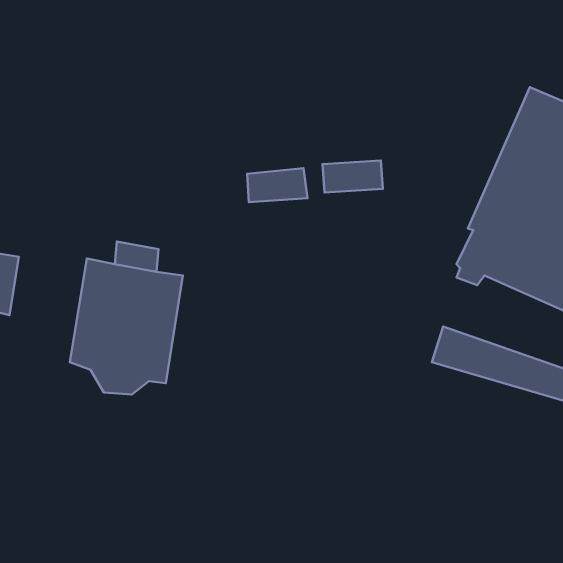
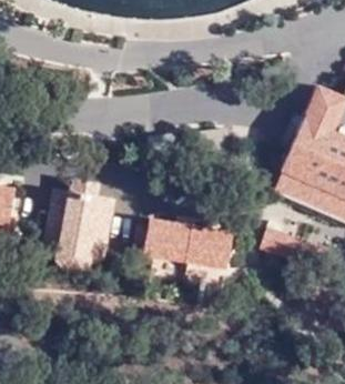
building: none -> [145,218,232,264]

